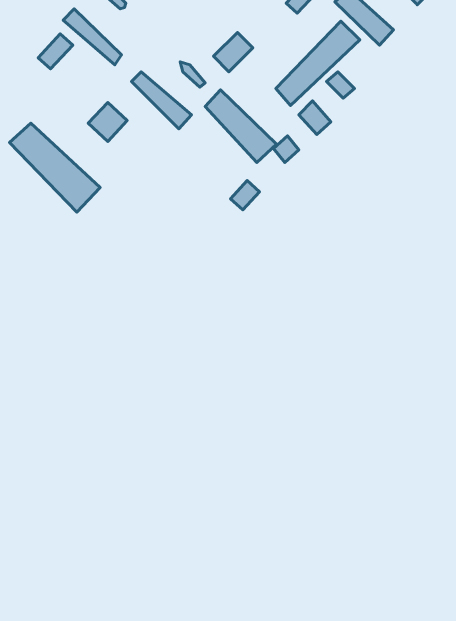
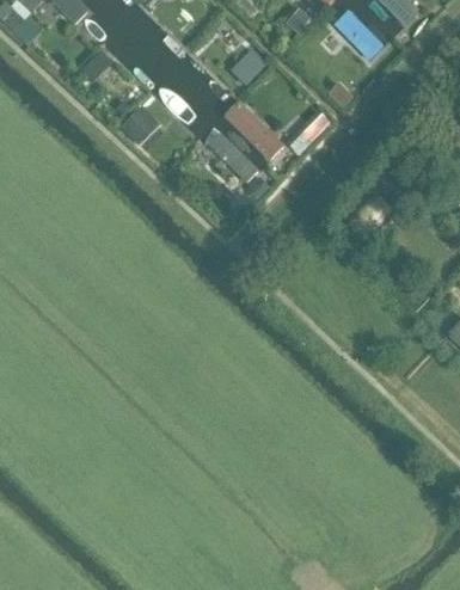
building: [276,21,360,106] -> none
building: [10,123,100,212] -> none
building: none -> [204,130,259,184]

